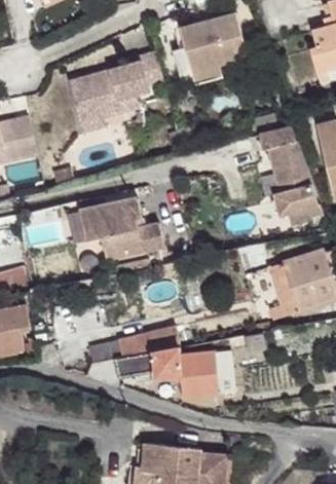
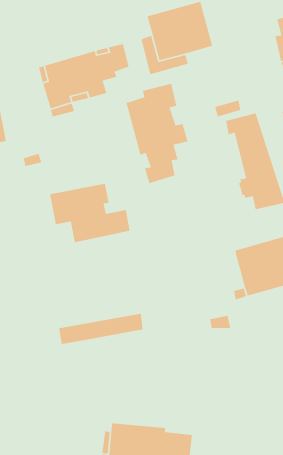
building: none -> [126,83,188,184]
building: [116,348,235,397] -> none

